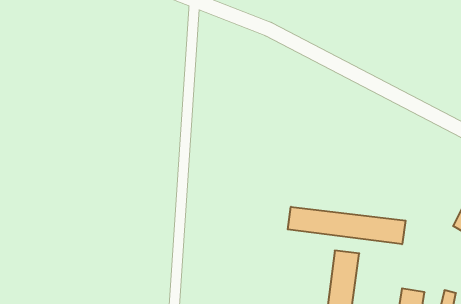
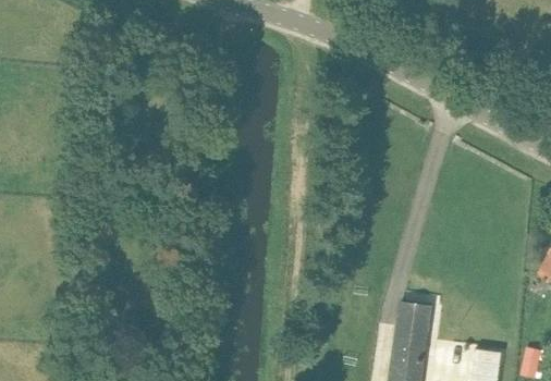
building: [288,207,406,244] -> none

